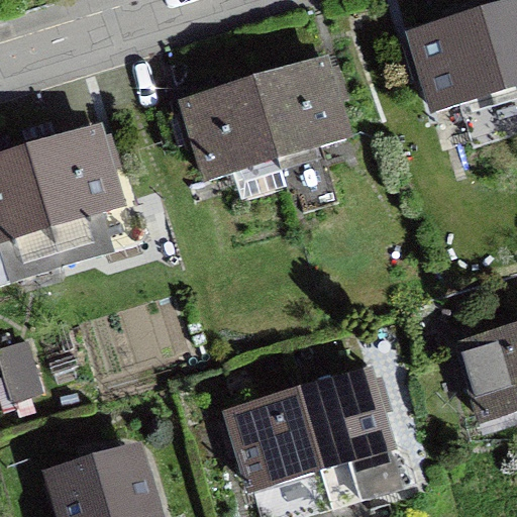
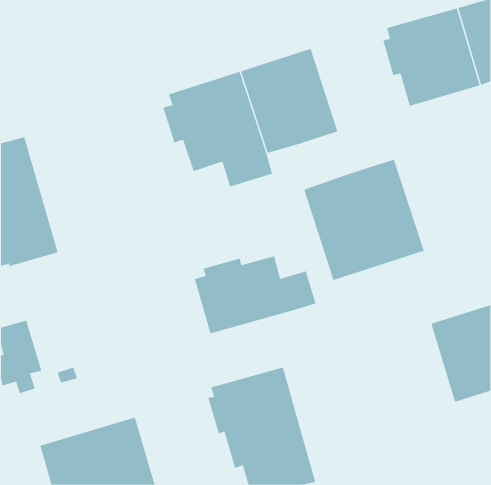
building: [26,121,133,266] -> none
building: none -> [304,159,425,281]
building: none -> [194,256,316,334]
building: [298,365,403,499] -> none

